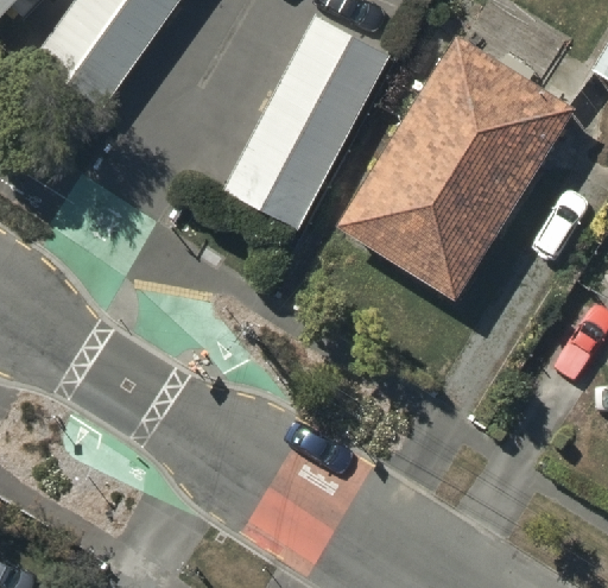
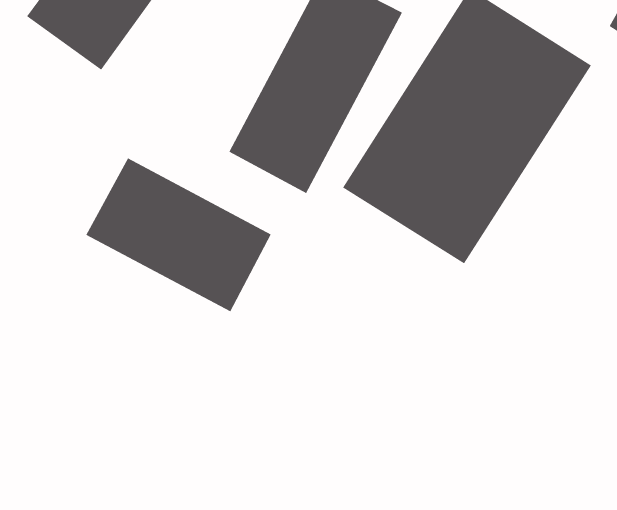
building: none -> [85,157,271,312]

